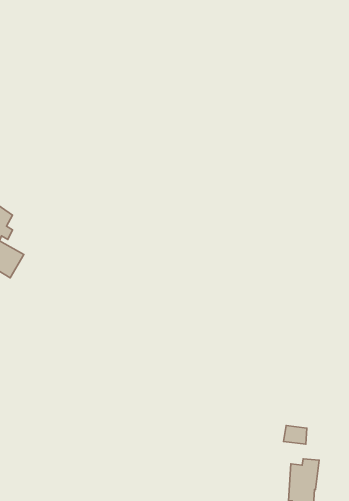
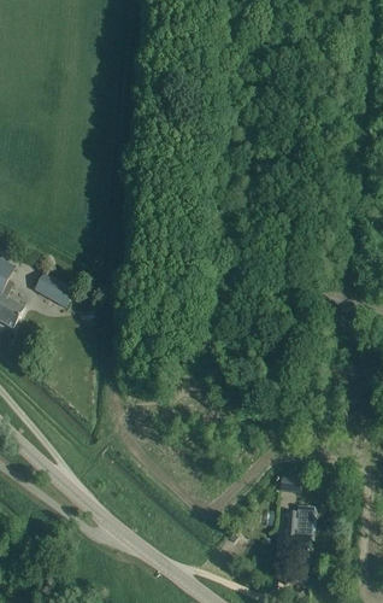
building: none -> [33,271,75,308]

